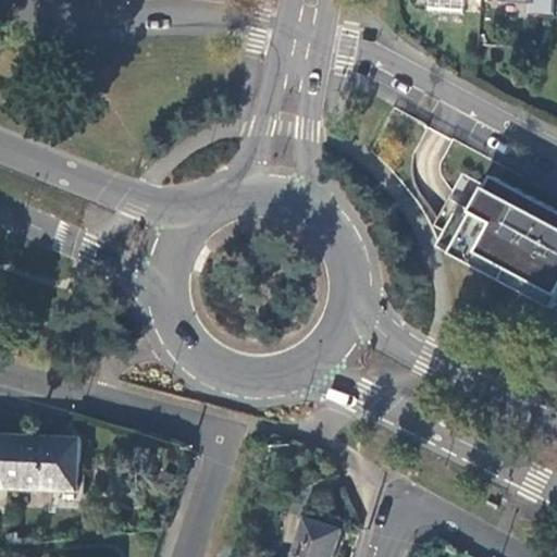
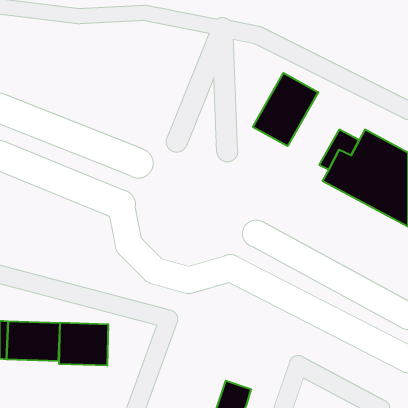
building: none -> [253,73,318,146]
building: none -> [59,323,108,366]

